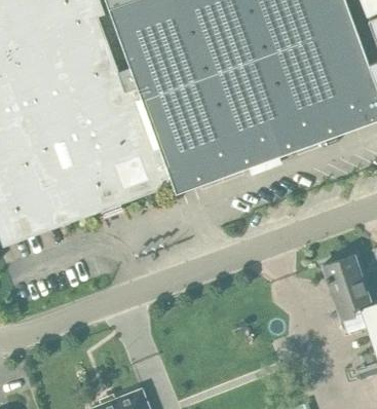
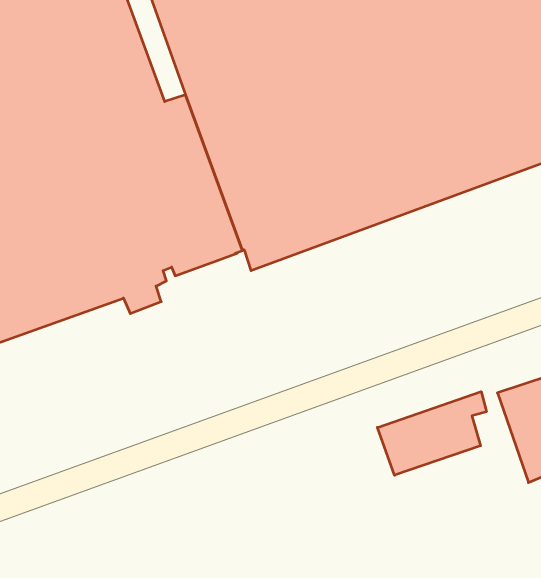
building: none -> [377,392,486,475]

